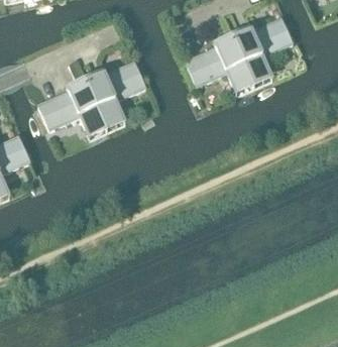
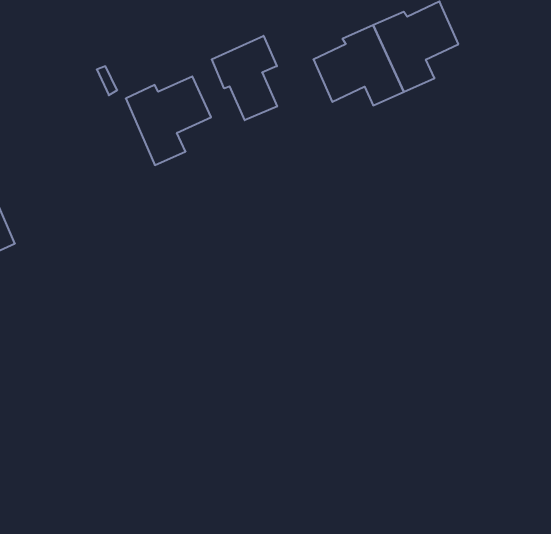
building: none -> [212,36,277,120]
building: [49,81,103,128] -> none

